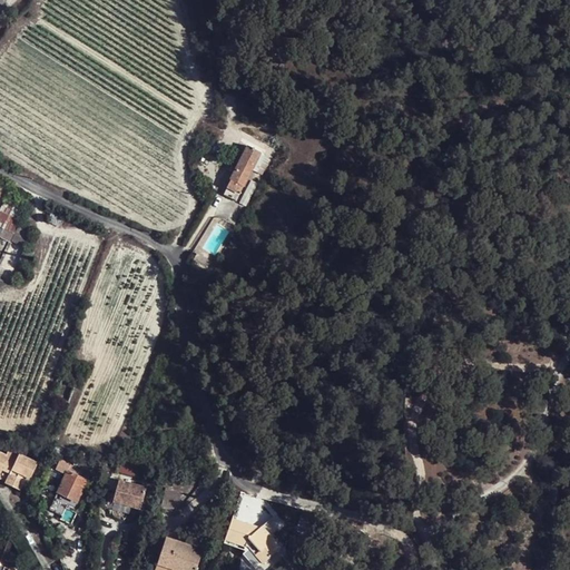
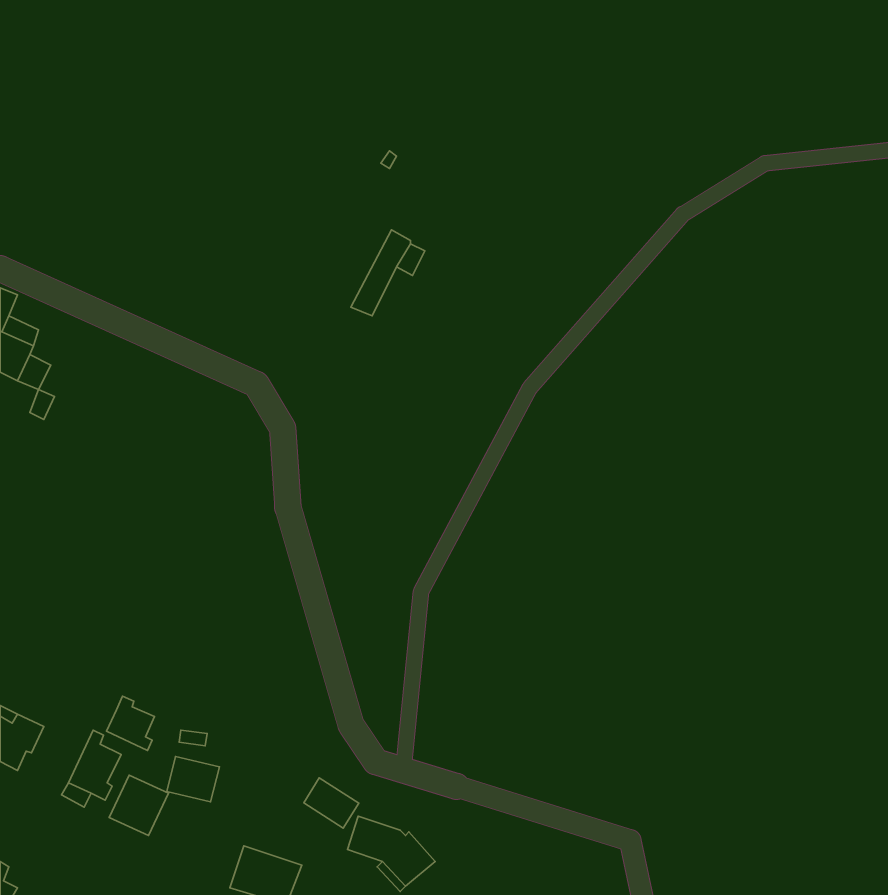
building: none -> [107,696,155,750]
building: none -> [109,775,168,836]
building: none -> [304,778,359,828]

